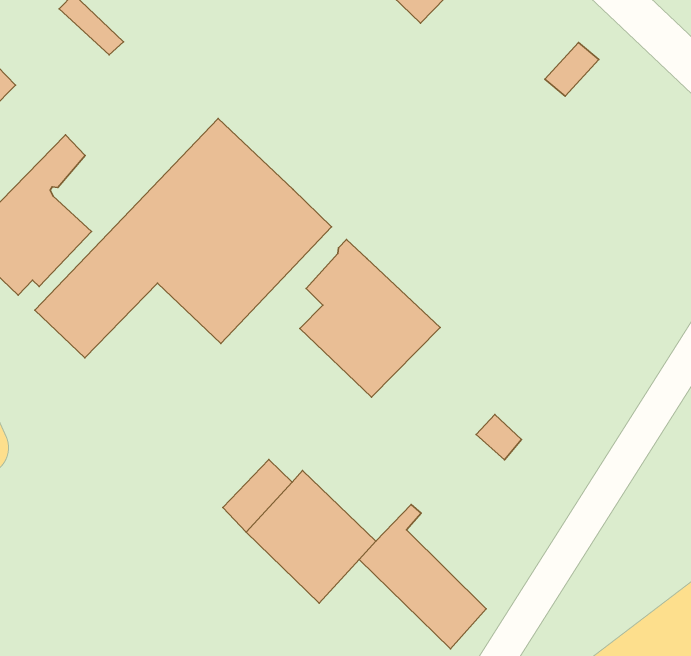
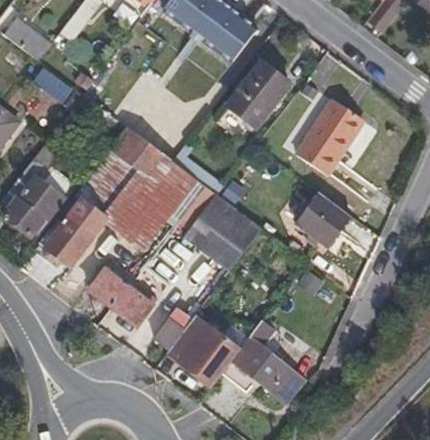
building: none -> [227,62,289,129]
building: none -> [297,99,364,174]
building: none -> [293,190,348,246]
building: none -> [90,272,152,327]

